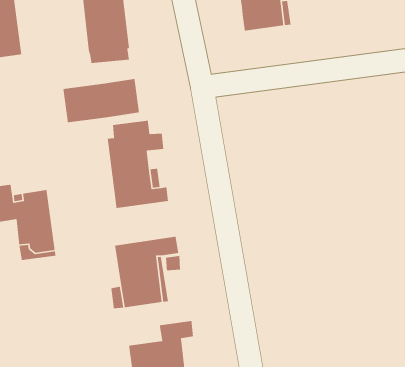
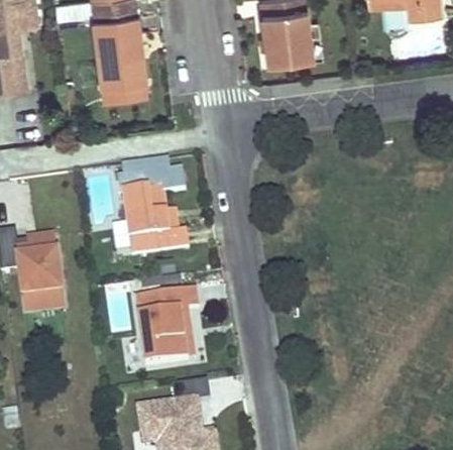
building: [63,78,140,123] -> none

